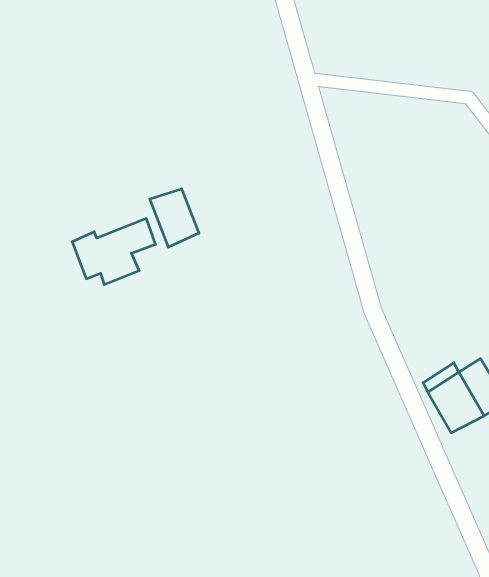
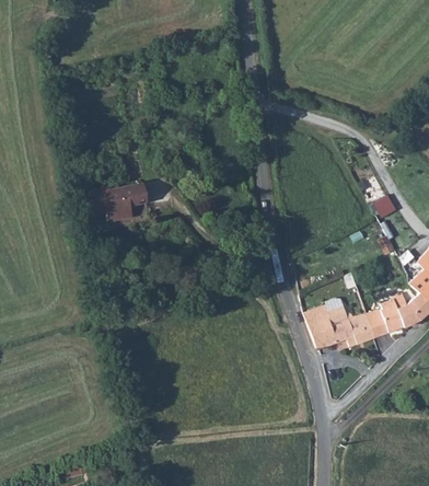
building: [150,189,199,247] -> none

